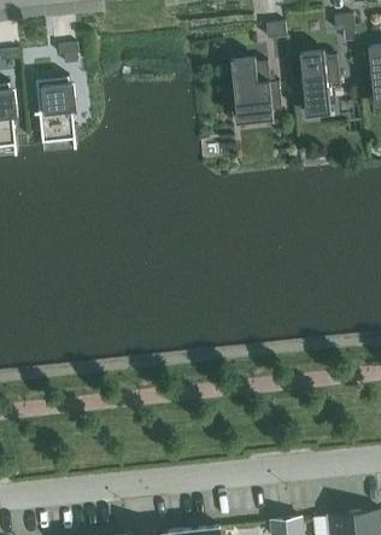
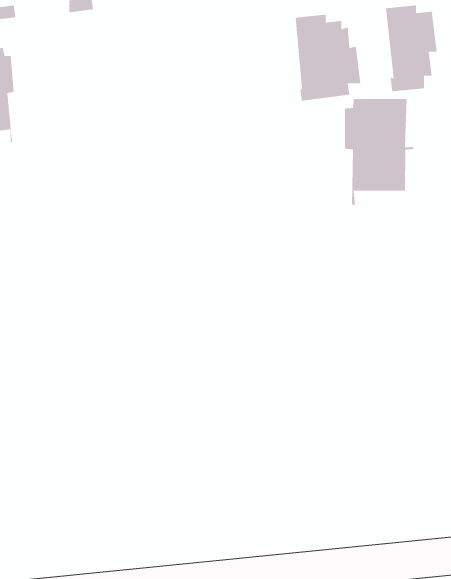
building: [34,77,76,149] -> none
building: none -> [344,98,414,206]

